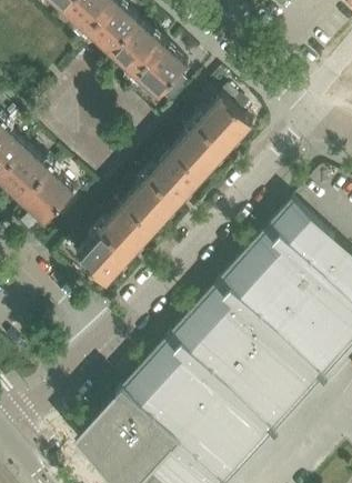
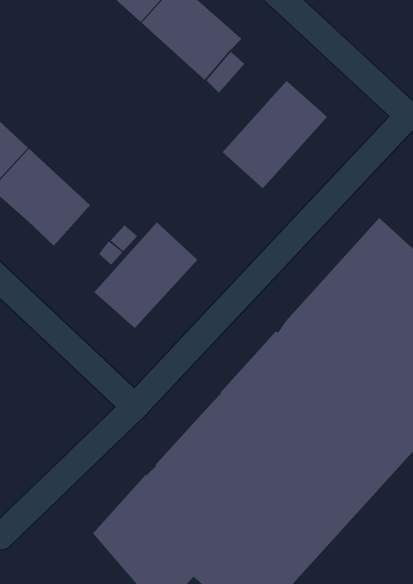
building: [123,152,203,233] -> none

